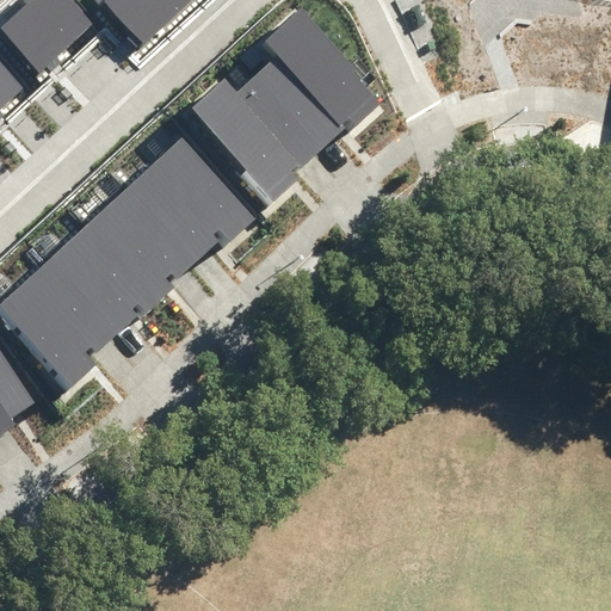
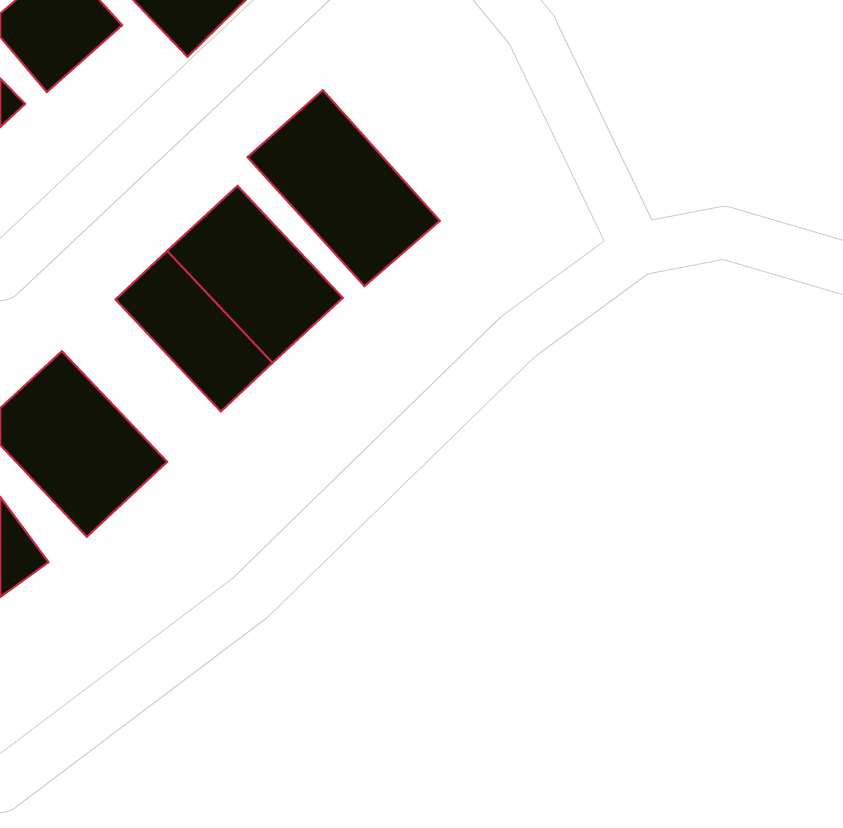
building: [239,21,370,158] -> none
building: [53,214,166,329] -> none

